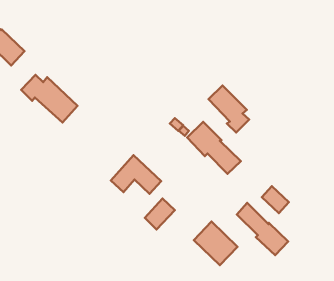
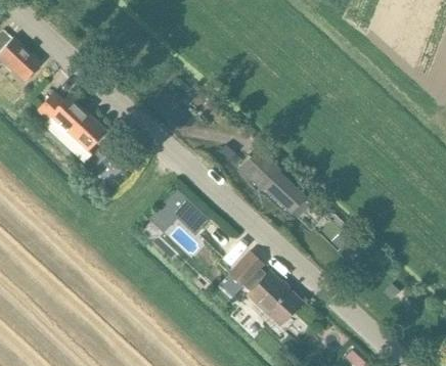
building: [208,85,249,132] -> none
building: [145,198,175,229] -> [229,251,266,289]
building: [237,203,288,255] -> none

